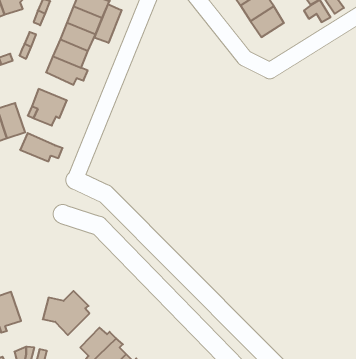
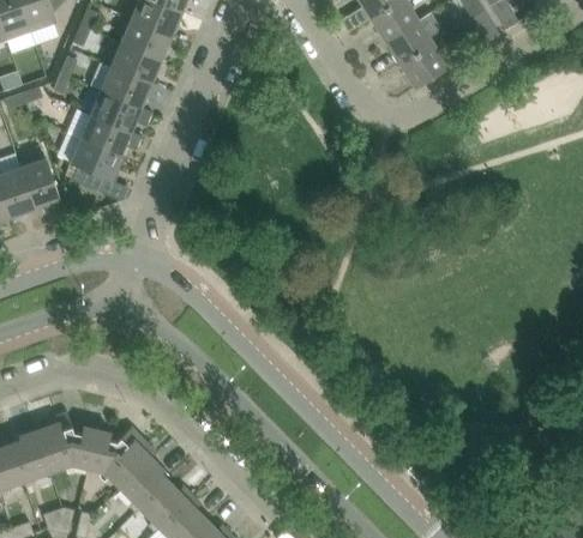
building: [94,4,122,43] -> none
building: none -> [399,43,447,89]
building: [20,133,63,161] -> [79,114,140,155]
building: none -> [37,412,94,471]
building: none -> [121,460,167,514]

